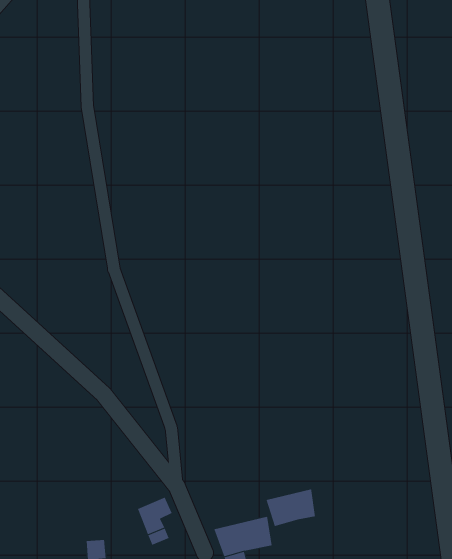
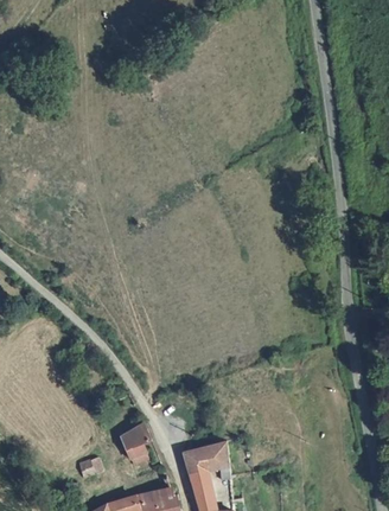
building: [266,488,316,527] -> none

